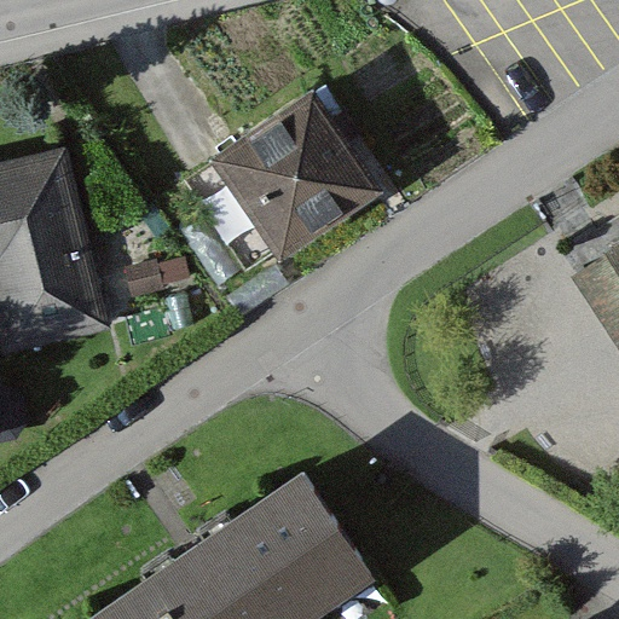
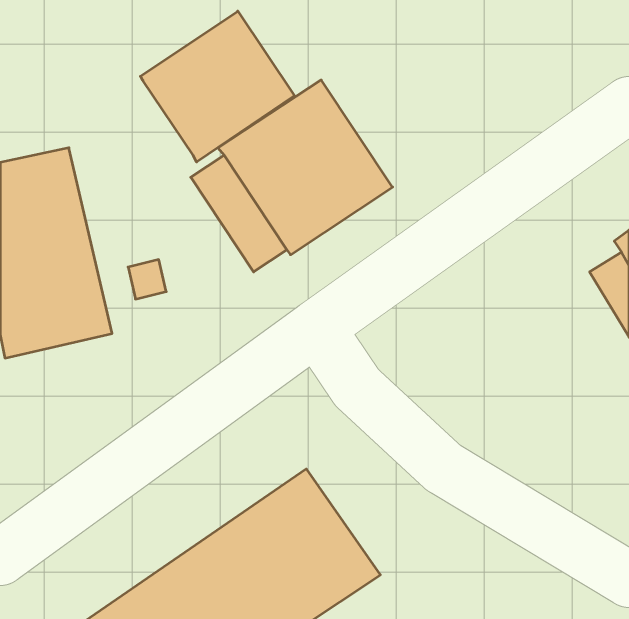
building: none -> [140,11,294,162]

